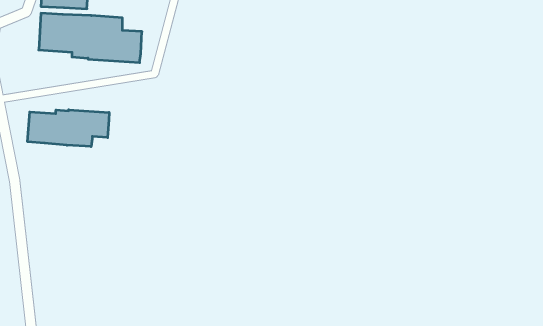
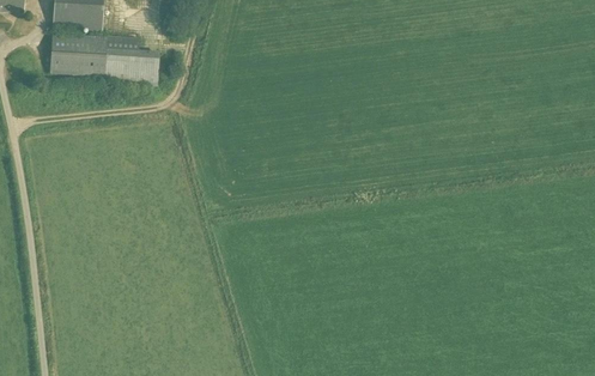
building: [28,110,109,147] -> none

